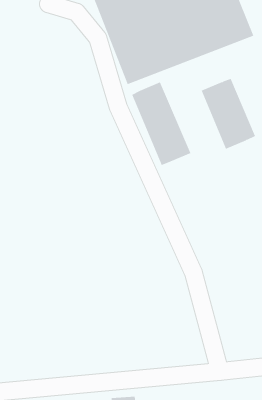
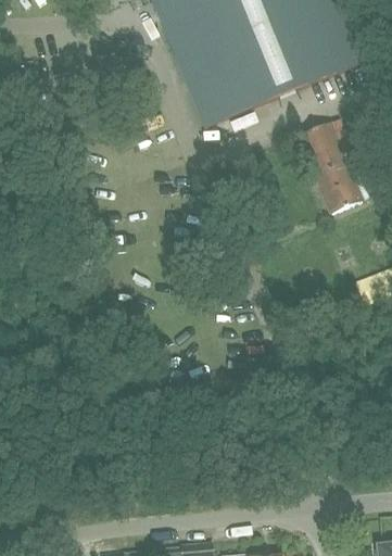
building: [131,82,191,166] -> none

